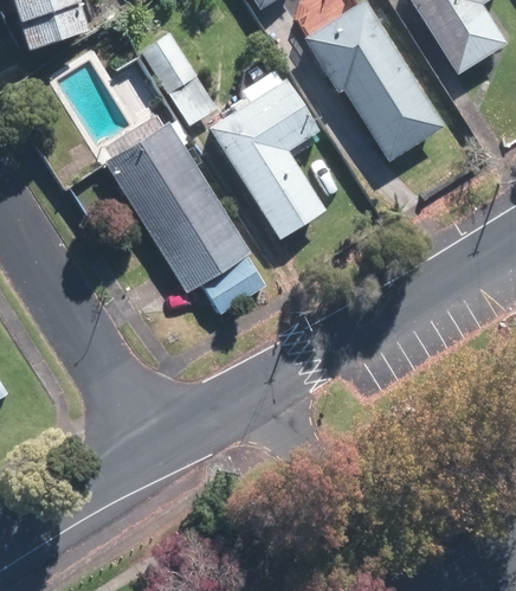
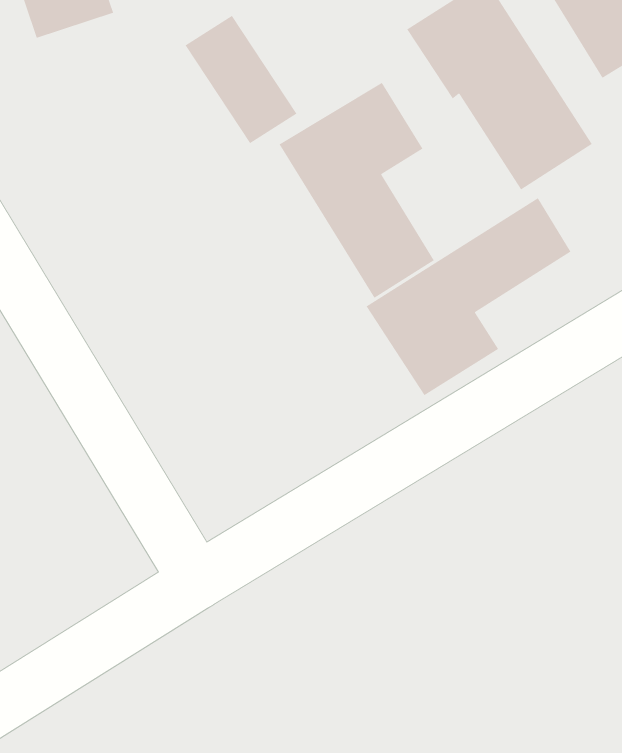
building: [104,121,267,319] -> none
building: none -> [365,197,571,396]

